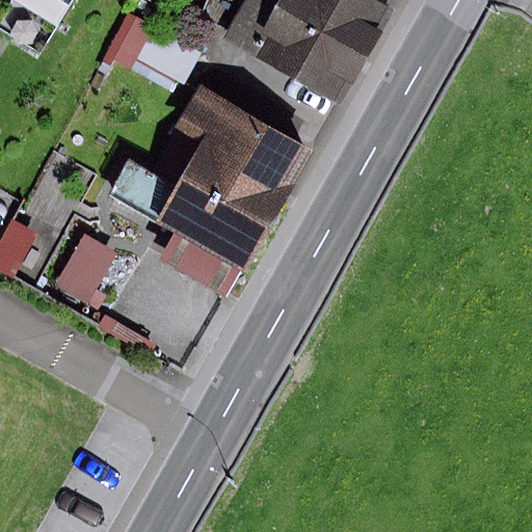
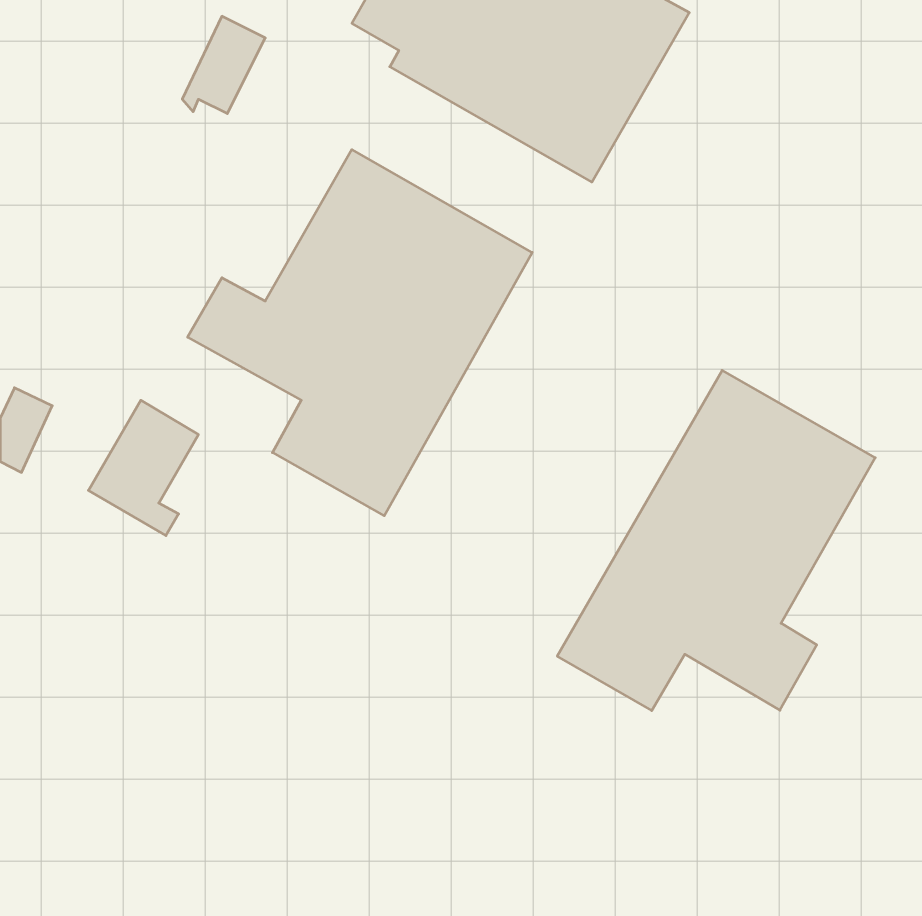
building: none -> [557,370,875,711]

